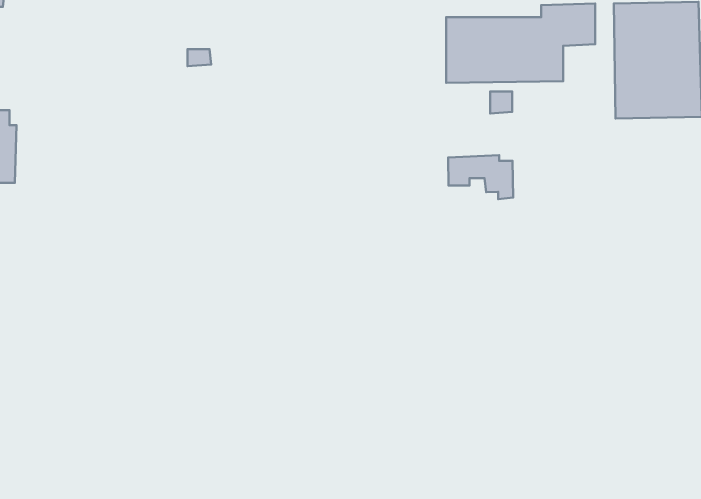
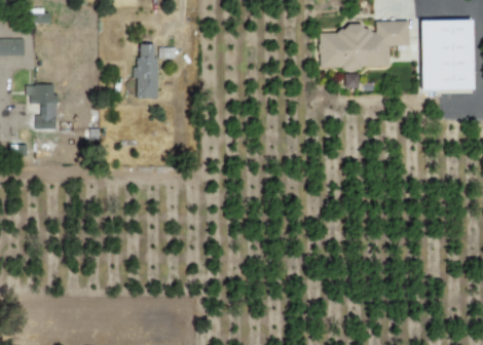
building: none -> [137,44,158,99]
building: [448,155,513,199] -> none

